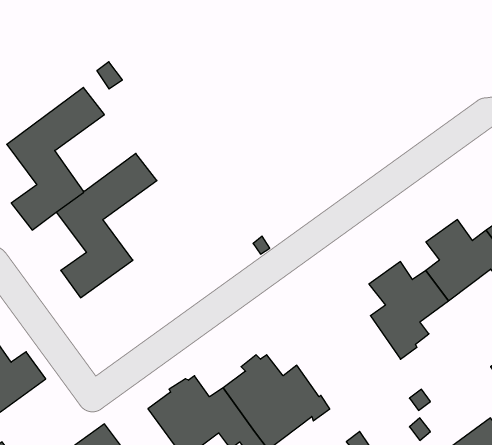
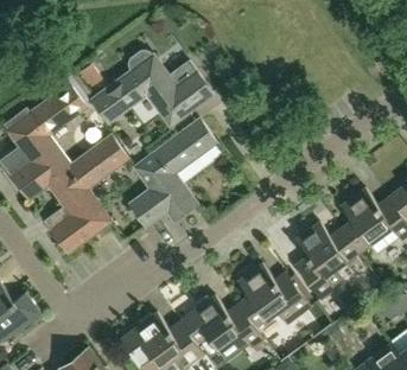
building: none -> [93,52,214,125]
building: none -> [131,120,222,225]
building: none -> [239,263,311,328]

